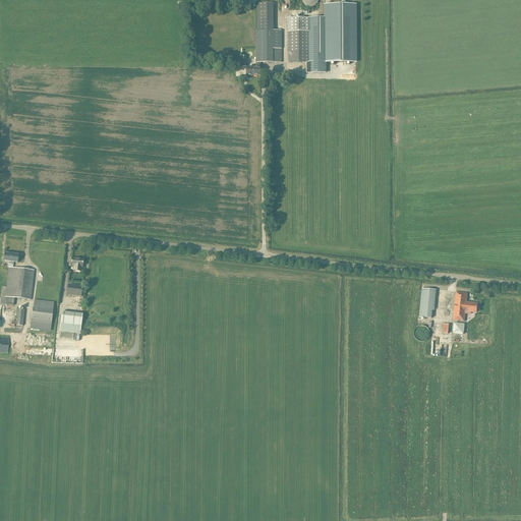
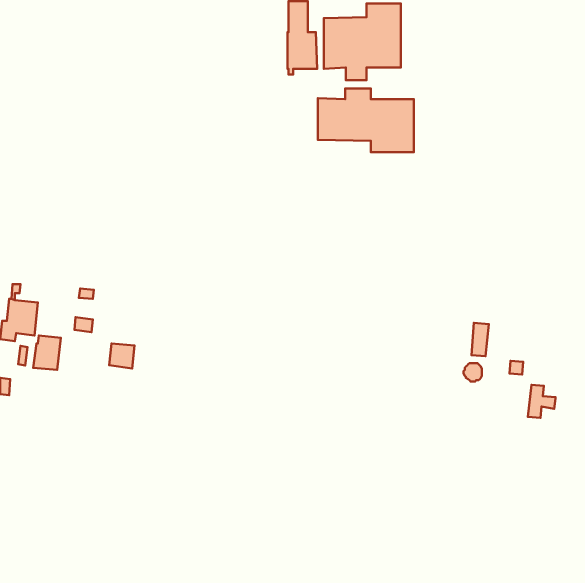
building: none -> [318,89,414,152]
building: [453,290,477,320] -> [528,385,555,418]
building: [60,310,82,333] -> [109,343,134,369]

